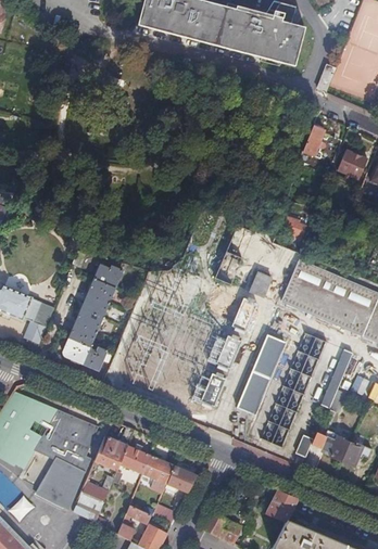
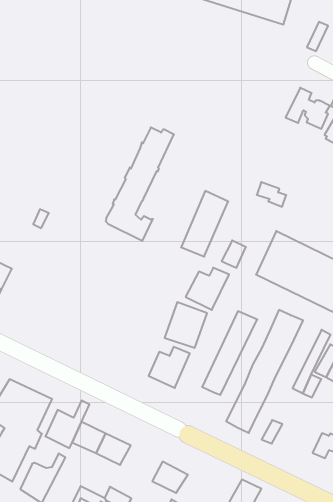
building: [63,265,122,370] -> [106,127,174,241]
building: [323,432,350,462] -> none
building: [165,464,198,493] -> [152,462,188,493]

